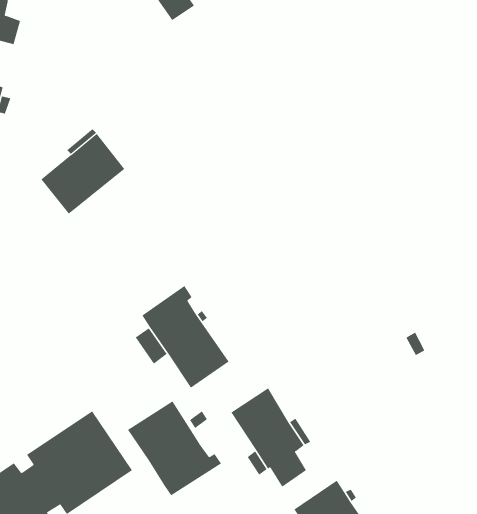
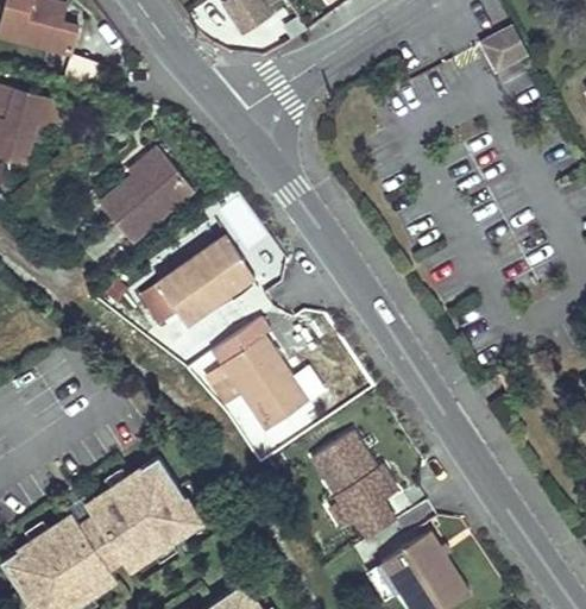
building: none -> [479,29,527,73]
building: none -> [156,233,253,322]
building: [127,400,222,496] -> none

